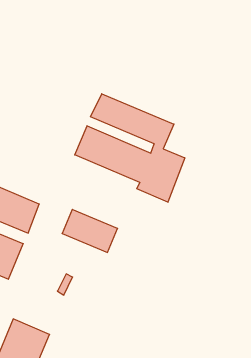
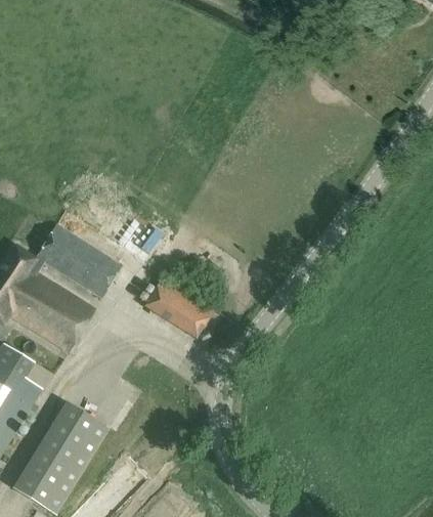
building: [75,94,185,202] -> none

